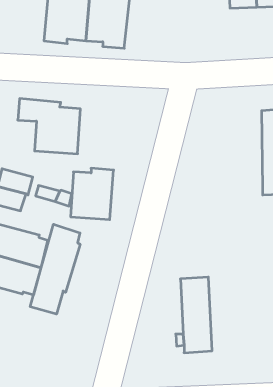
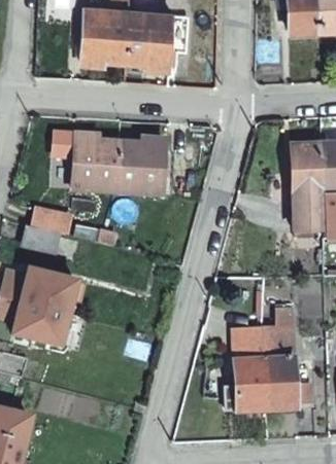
building: none -> [291,143,324,230]
building: [71,168,114,220] -> [120,137,167,193]
building: [30,224,80,314] -> none
building: none -> [264,307,310,407]

